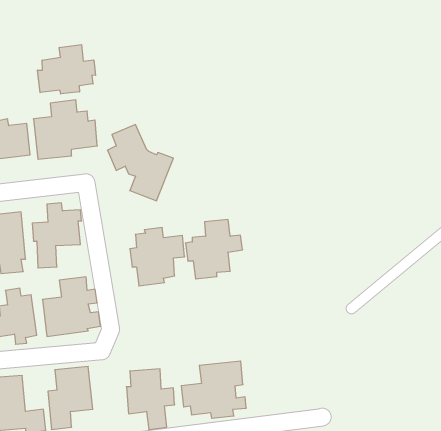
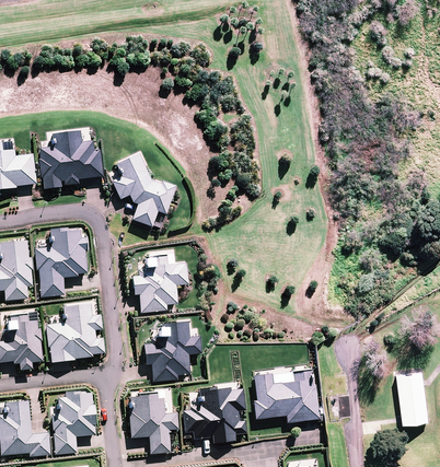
building: [38,45,96,94] -> none
building: [185,220,243,279] -> [144,322,200,380]
building: none -> [387,366,422,427]
building: none -> [253,369,317,421]

